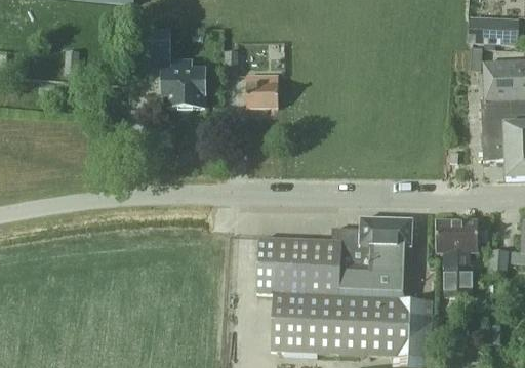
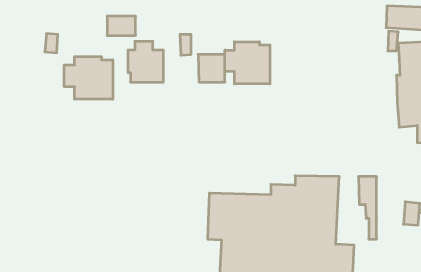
building: none -> [225,42,270,84]
building: none -> [64,57,113,99]
building: [457,219,489,293] -> none

